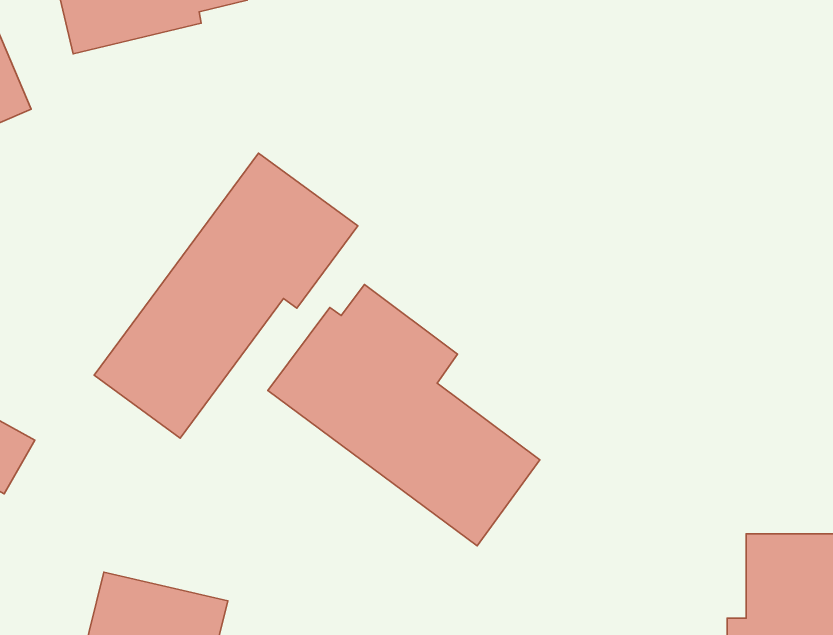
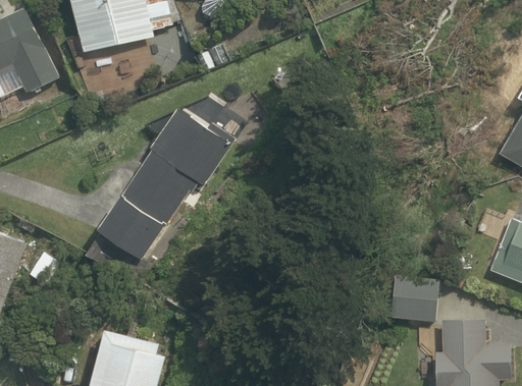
building: [268,284,540,546] -> none
building: none -> [387,272,438,325]

